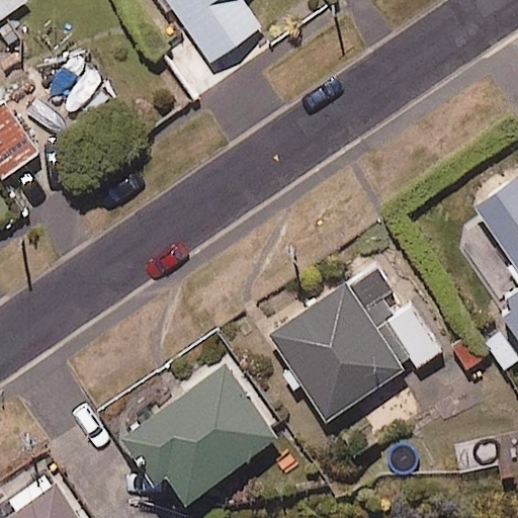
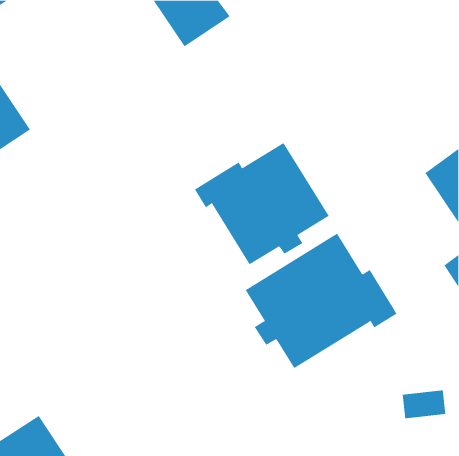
building: none -> [194,142,329,265]
building: [124,367,277,503] -> none

